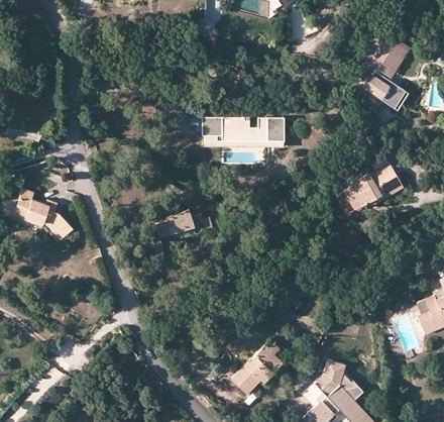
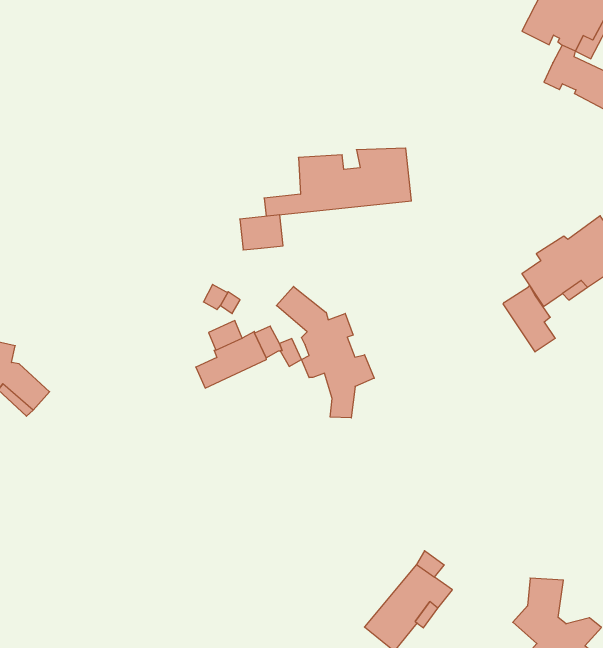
building: [200,118,222,135] -> [240,215,283,250]
building: none -> [276,286,374,418]
building: none -> [503,285,555,352]

